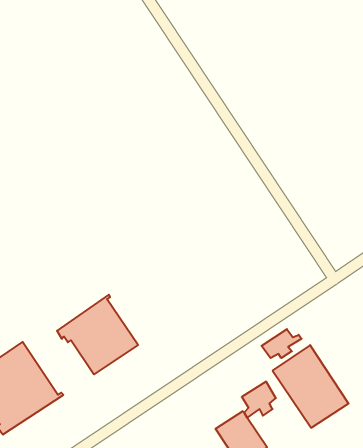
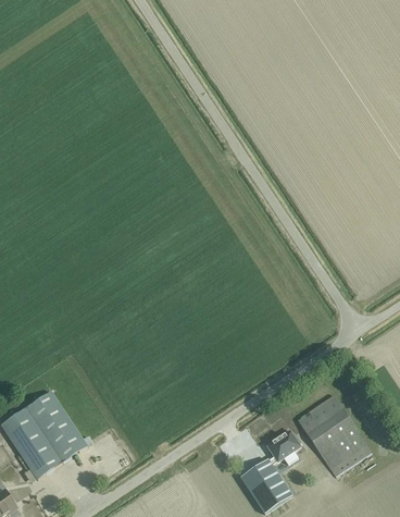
building: [57,295,138,374] -> none
building: [262,329,302,358] -> none

